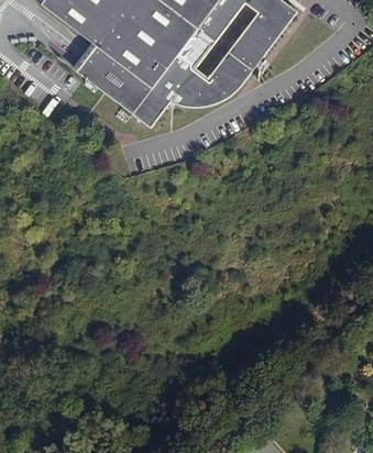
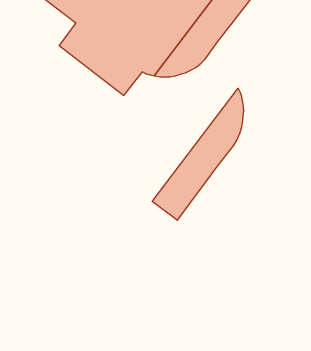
building: none -> [152,88,243,220]

